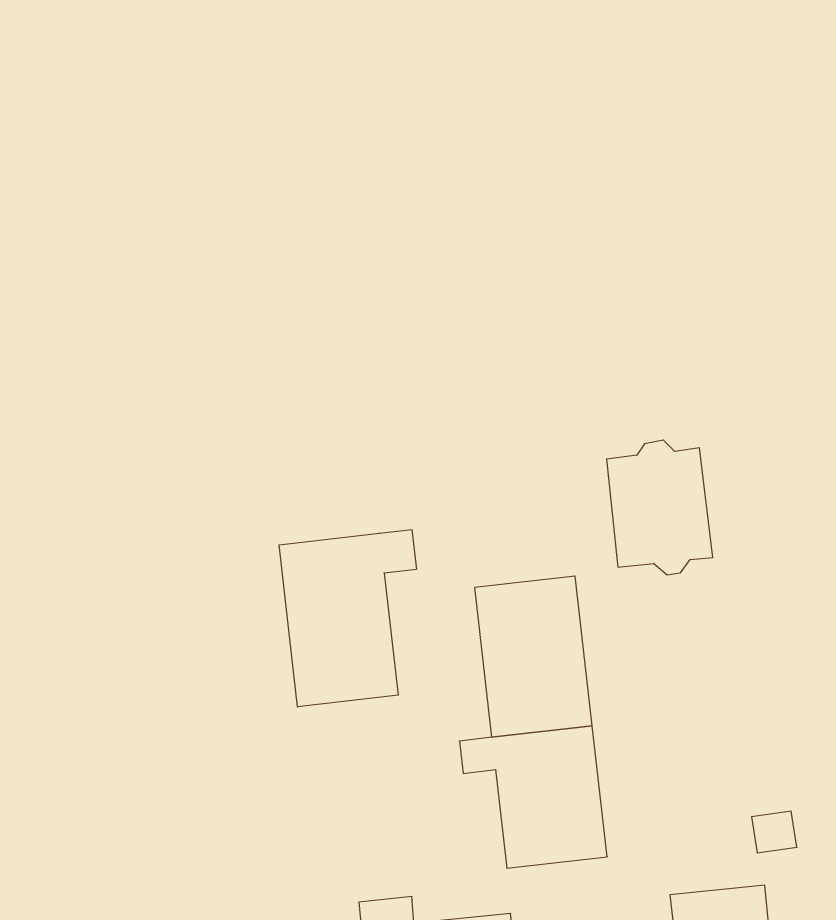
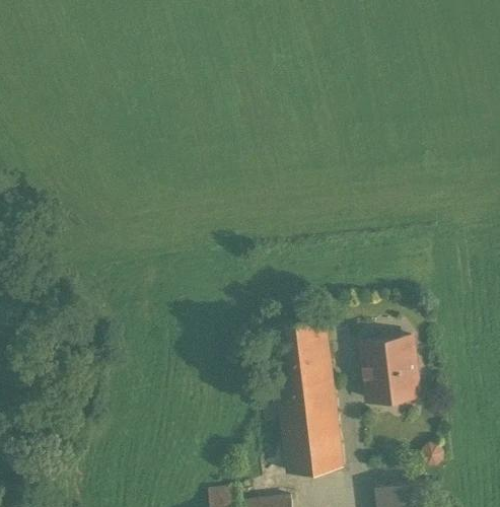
building: [607,440,713,575] -> [362,335,419,407]
building: [279,530,416,707] -> none

